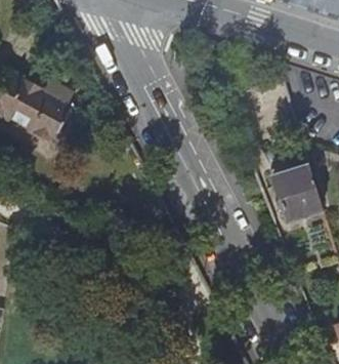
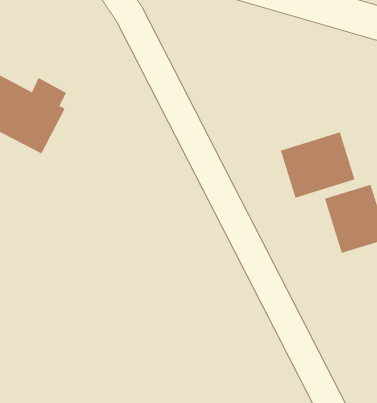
building: none -> [280,131,355,198]

